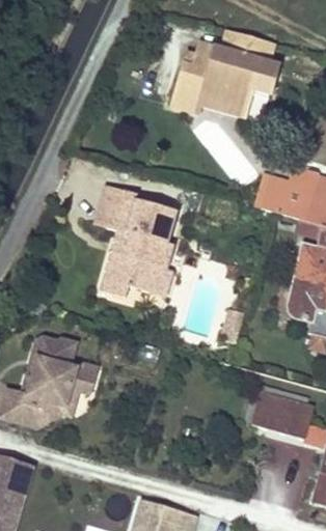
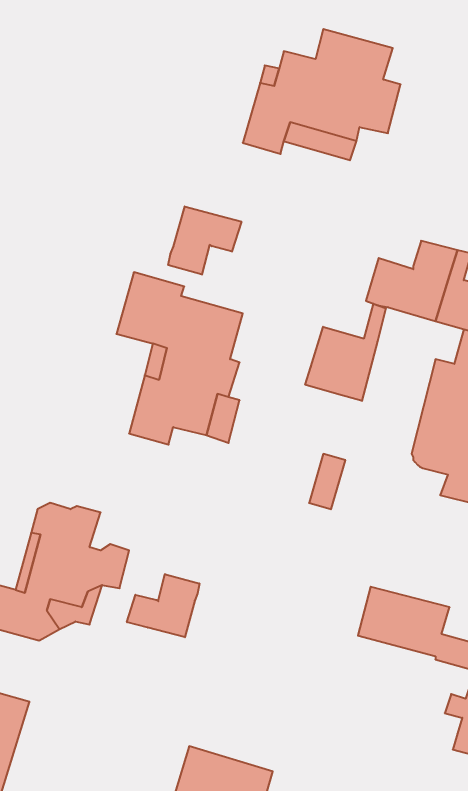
building: none -> [168,206,241,275]
building: none -> [305,304,386,401]
building: none -> [127,574,199,637]

